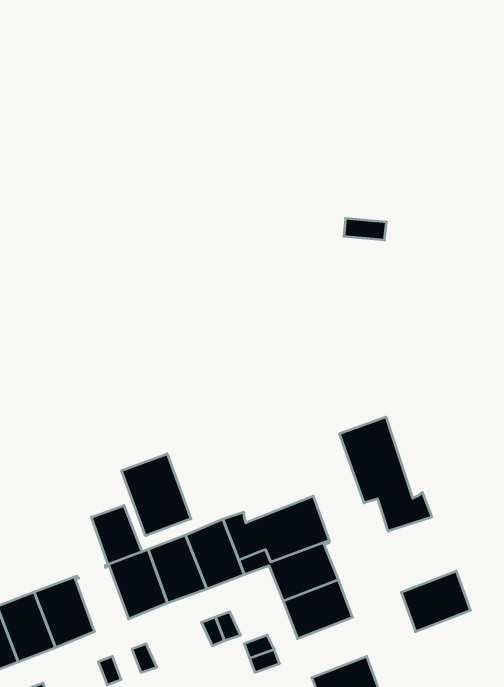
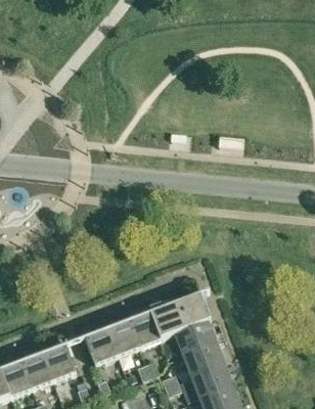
building: [340,417,432,531] -> none
building: [122,454,191,536] -> none
building: [91,505,142,565] -> none
building: [401,571,471,632] -> [191,364,231,399]

